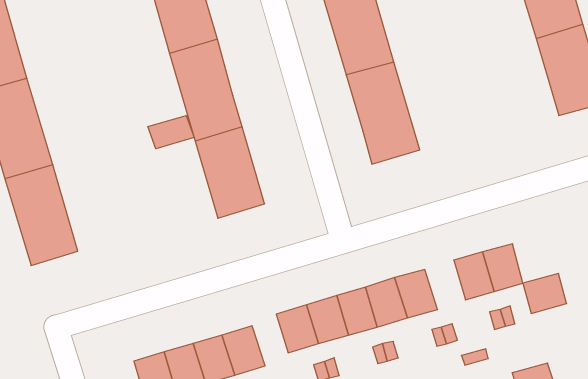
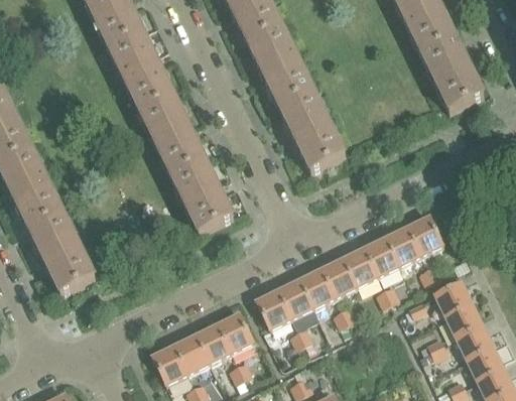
building: [148,115,194,149] -> none
building: none -> [365,237,400,277]
building: [523,274,567,313] -> [435,282,472,316]

